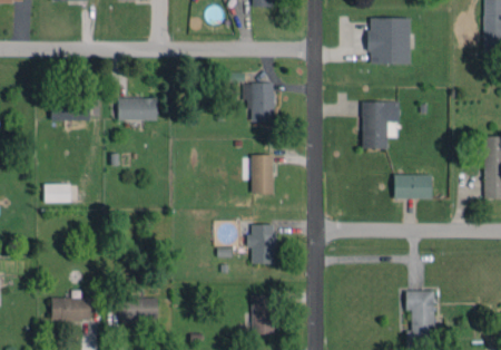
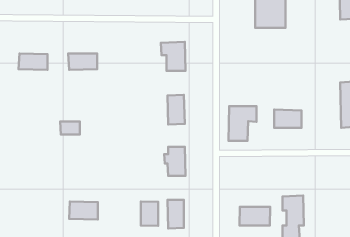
building: [362,101,400,148] -> [228,106,257,141]
building: [45,184,71,202] -> [60,121,80,135]
building: [52,298,91,320] -> none
building: none -> [141,201,158,226]
building: none -> [239,207,270,225]

